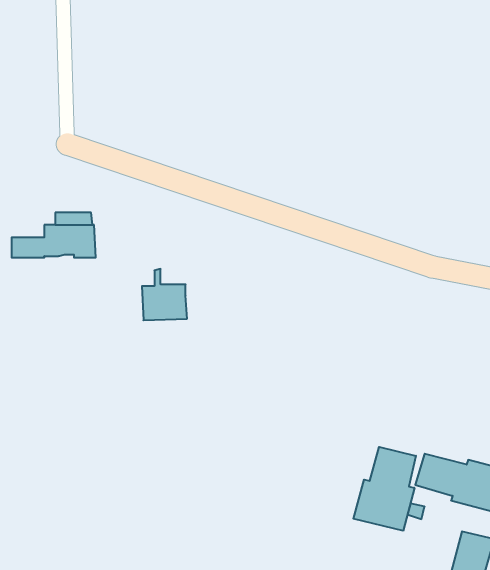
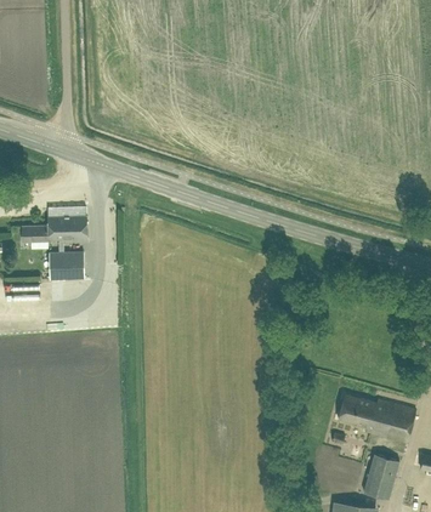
building: [142,269,187,320] -> [49,240,84,280]
building: [353,447,416,531] -> none

